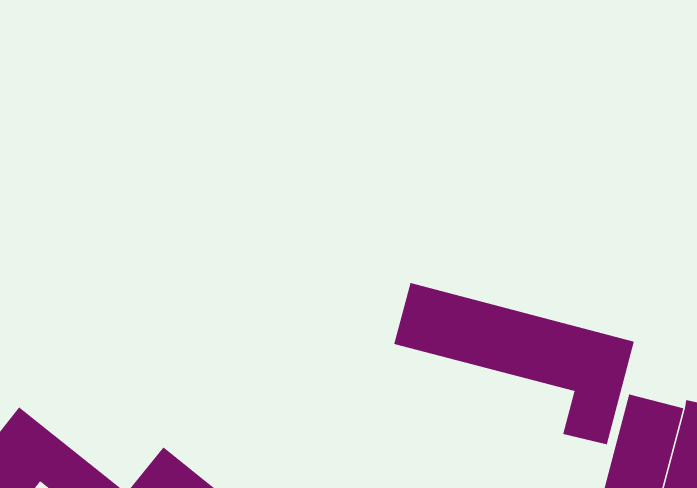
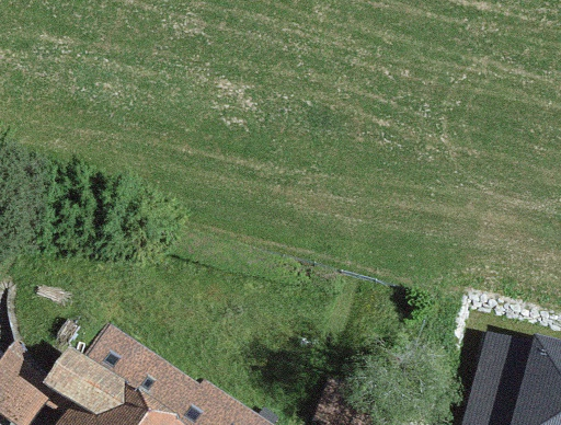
building: [393,282,635,445] -> none

